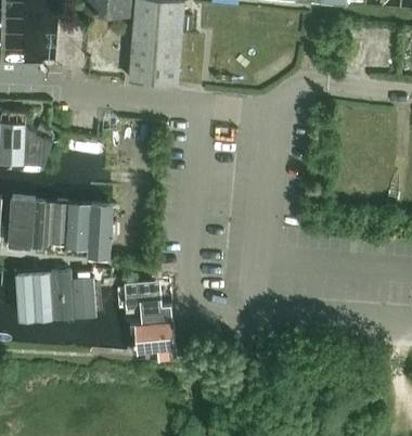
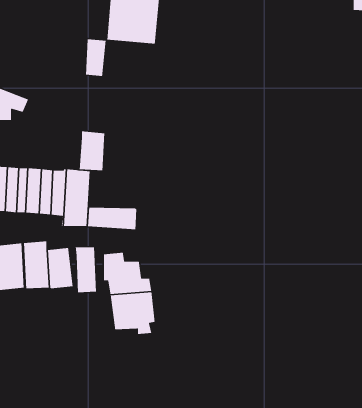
building: none -> [85,38,107,77]
building: none -> [79,131,105,171]
building: none -> [87,207,137,230]
building: none -> [75,247,97,293]

